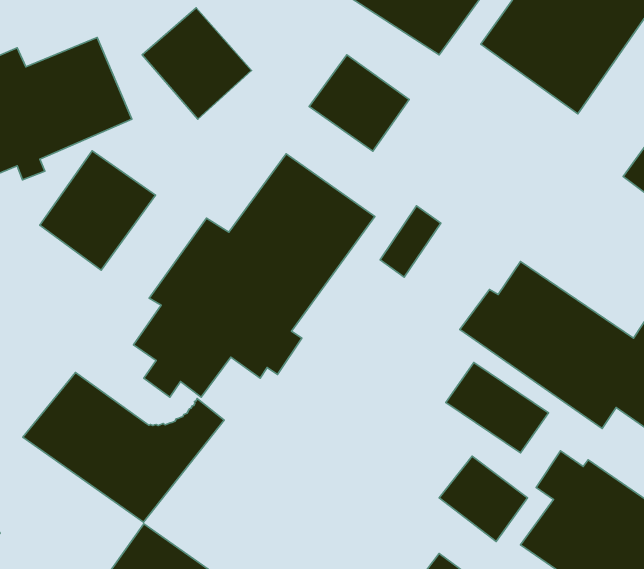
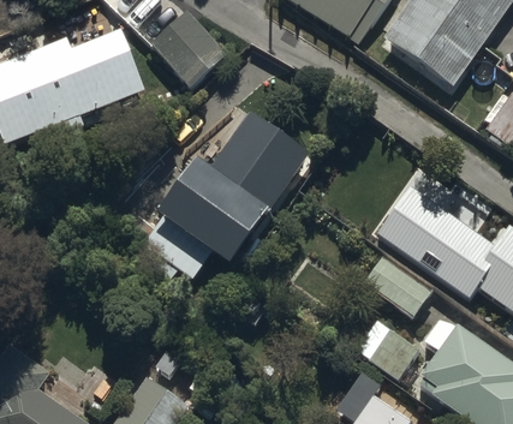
building: [309,55,409,151] -> none
building: [40,151,155,270] -> none
building: [23,373,224,522] -> none

